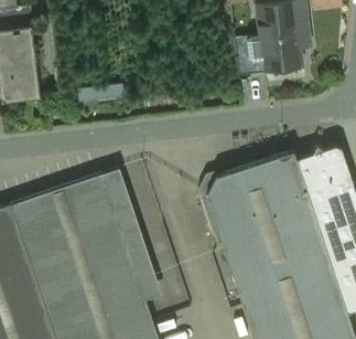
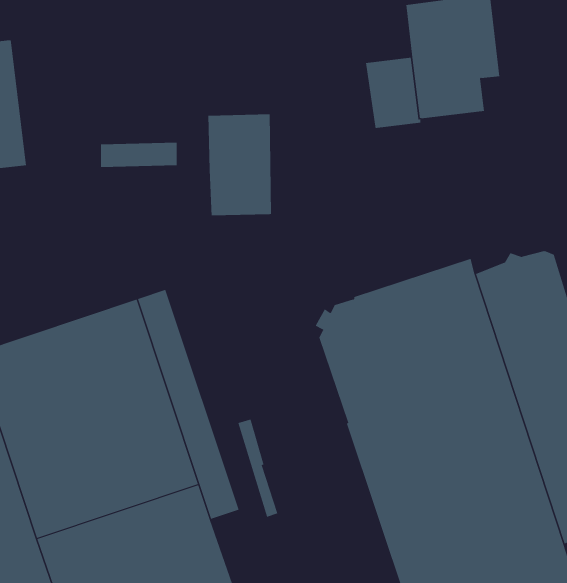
building: none -> [208,113,272,216]

